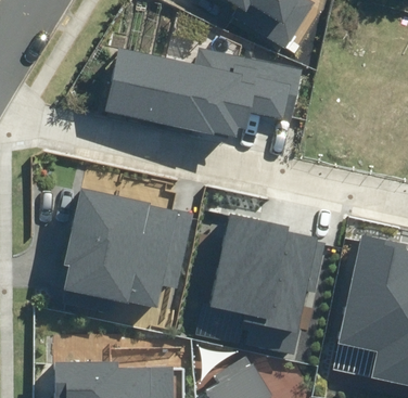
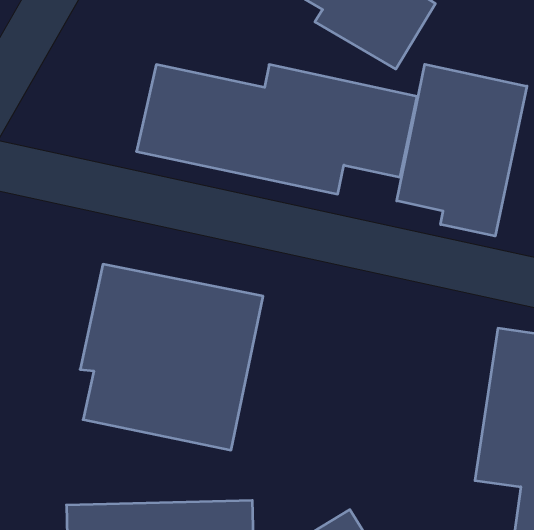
building: none -> [397,64,527,236]
building: [206,220,317,352] -> none

